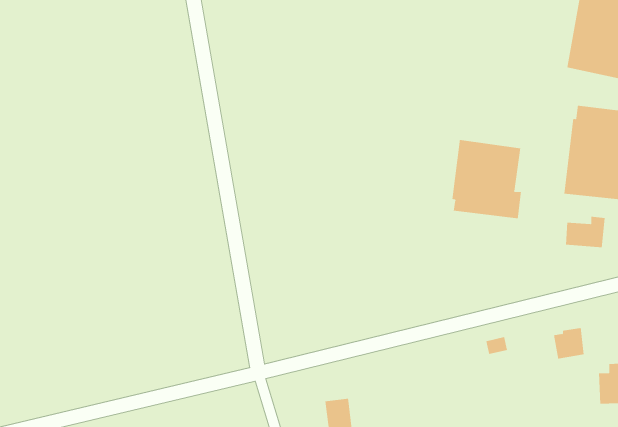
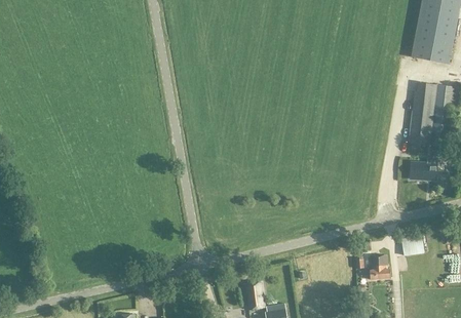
building: [452,139,521,219] -> none
building: none -> [366,253,390,278]

